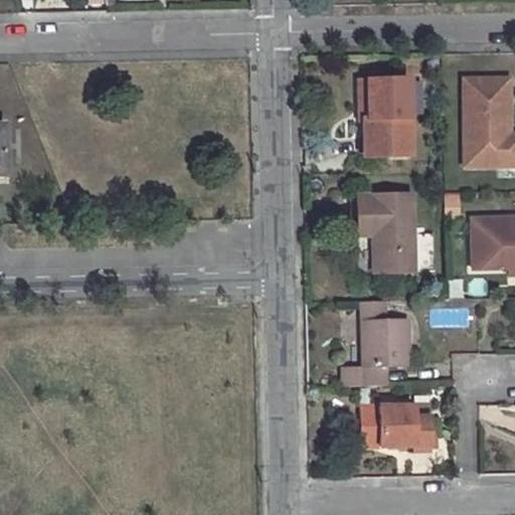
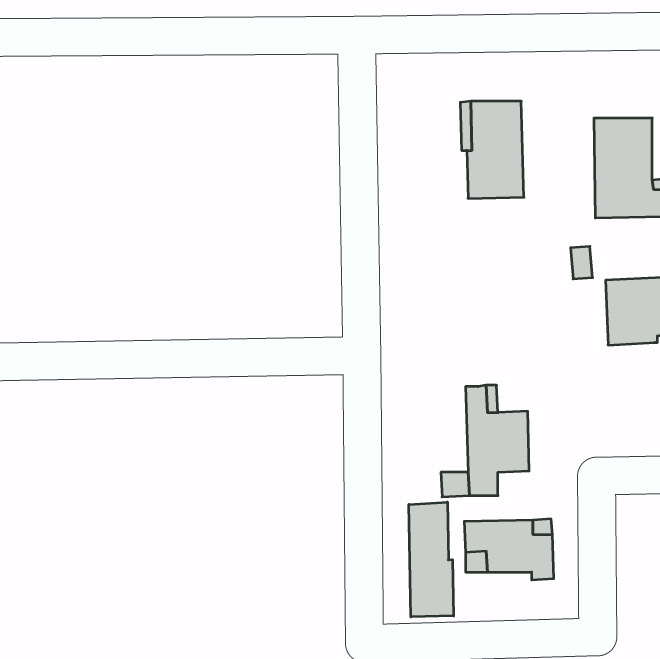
building: [357,192,423,271] -> none
building: none -> [409,502,454,617]

